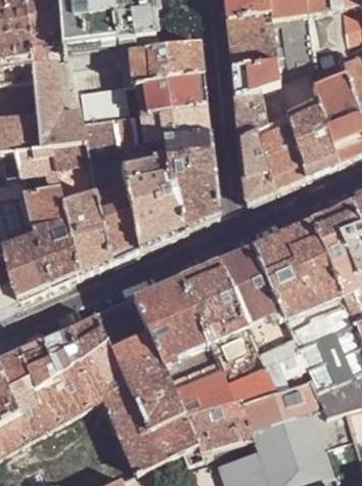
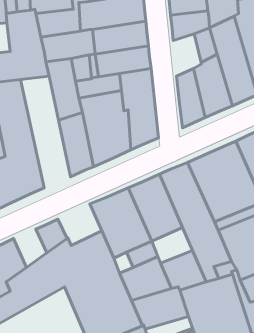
building: [236,89,270,140] -> none
building: [52,140,112,275] -> none
building: [97,295,150,345] -> none
building: [211,323,260,366] -> none
building: [44,325,84,371] -> none

